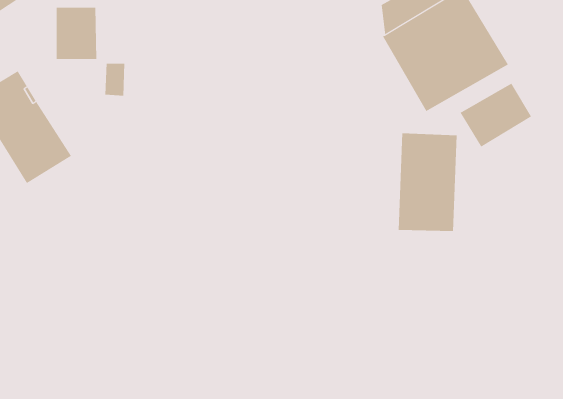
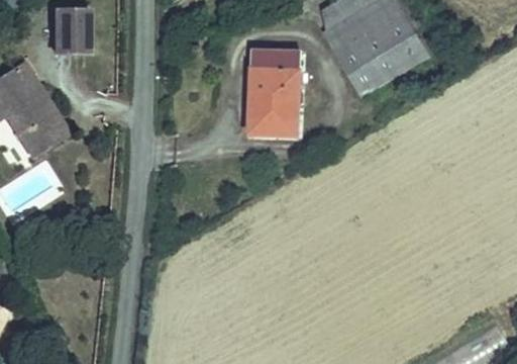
building: [460,83,532,148] -> none
building: [398,133,458,231] -> [250,54,300,135]

